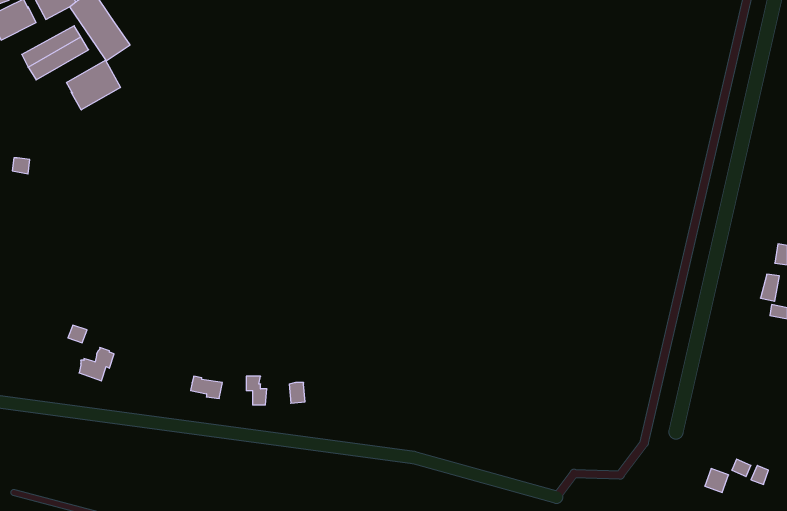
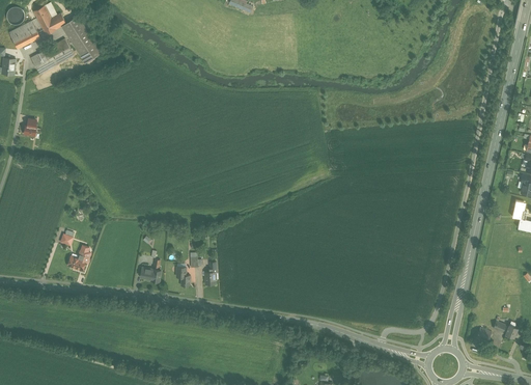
building: [67,60,120,110] -> none

